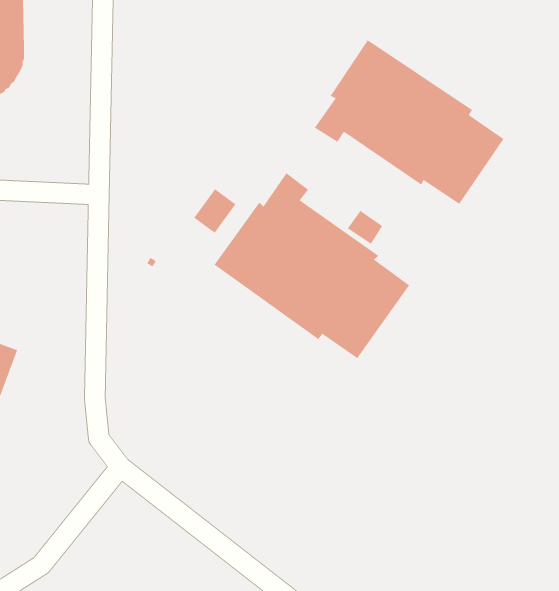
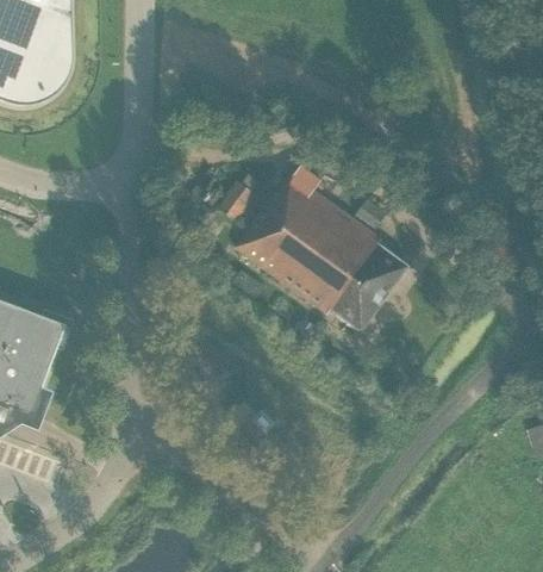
building: [314,39,504,205] -> none

